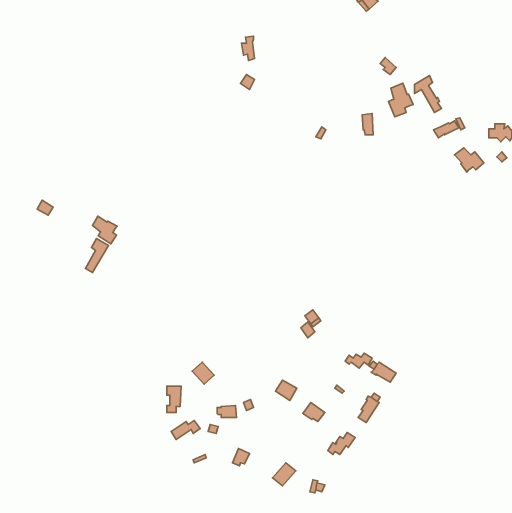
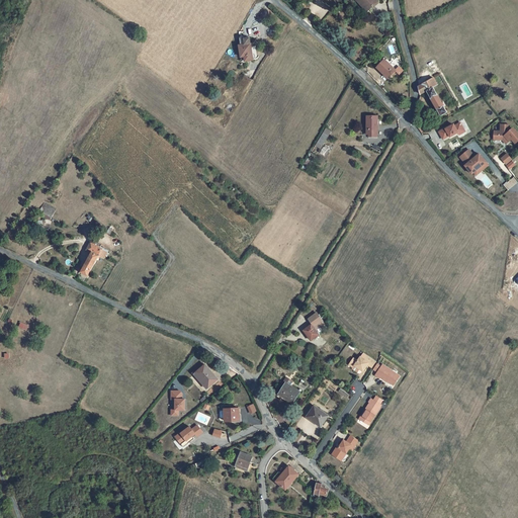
building: [389,83,413,117] -> none
building: [92,216,117,244] -> none

